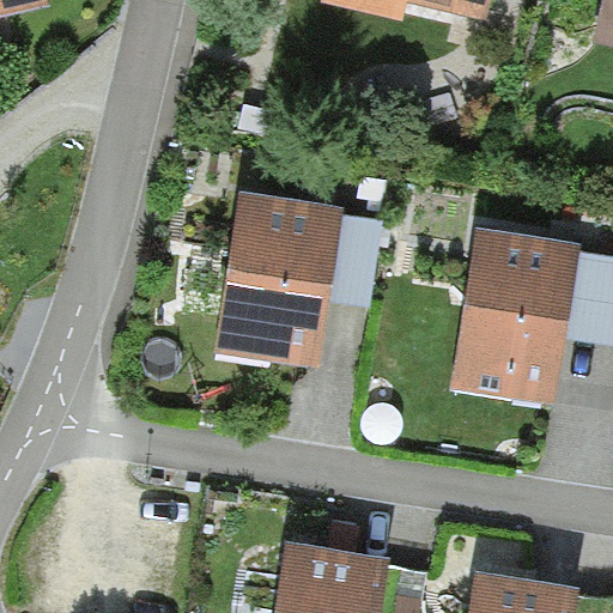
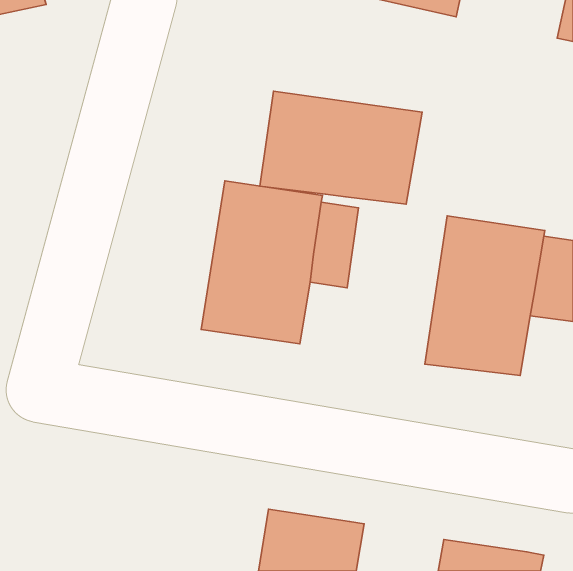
building: none -> [260,91,422,204]

